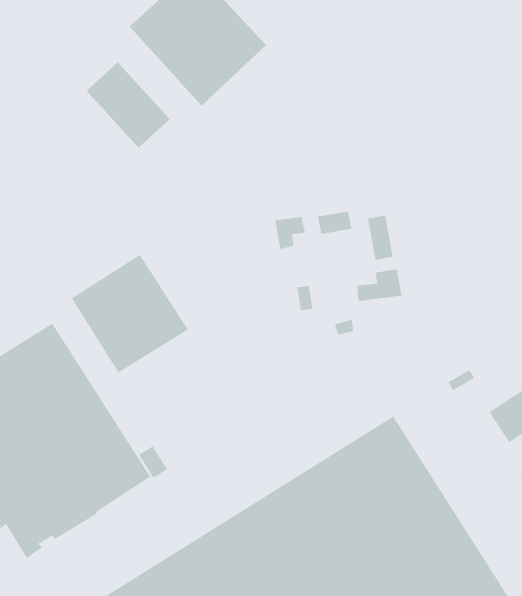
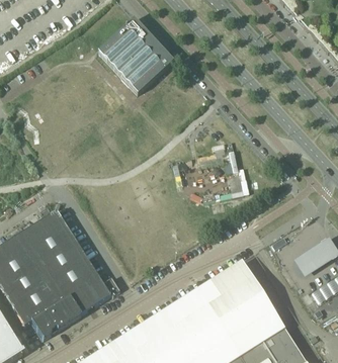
building: [86,62,171,149] -> none
building: [71,254,189,373] -> none

